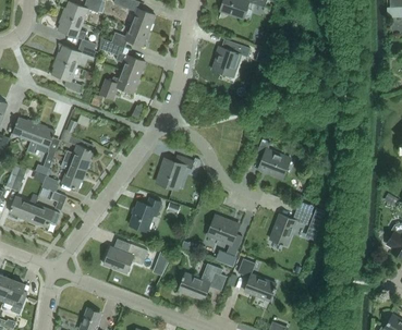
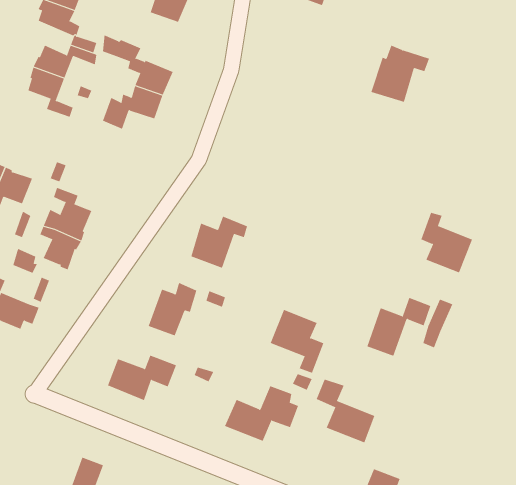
building: [111,24,148,47] -> none
building: [211,39,249,76] -> [370,45,430,102]
building: [255,139,289,179] -> [420,212,473,273]

